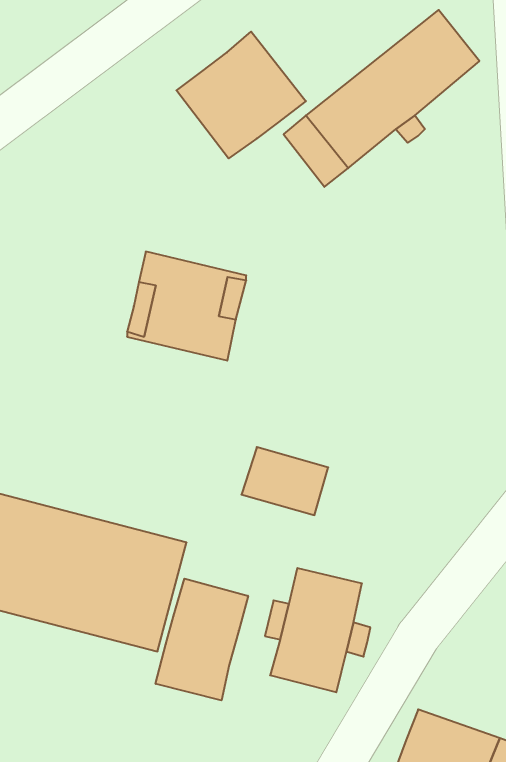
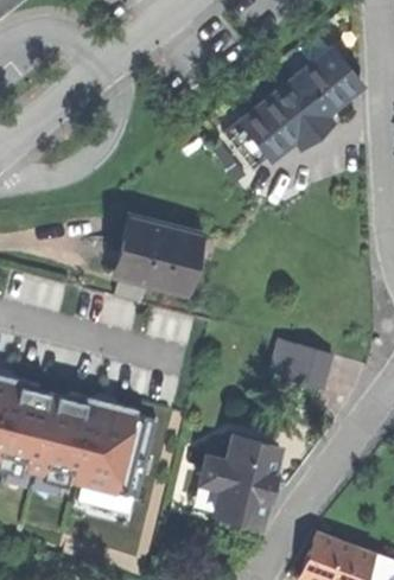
building: [176,32,306,158] -> none
building: [241,447,328,515] -> [271,342,331,389]
building: [156,579,248,700] -> none

